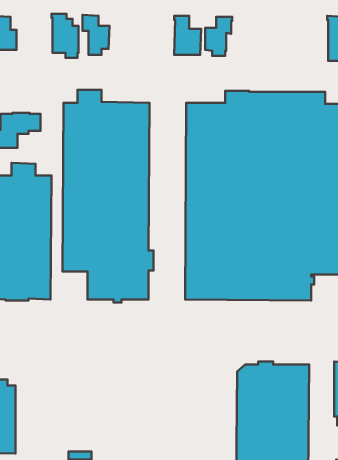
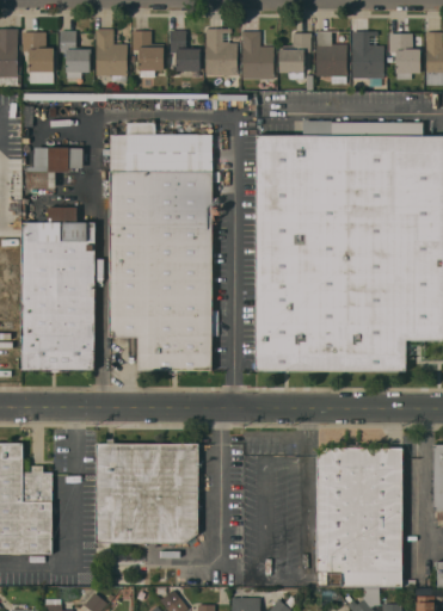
building: none -> [204,29,236,74]
building: none -> [59,30,91,78]
building: none -> [168,30,199,78]
building: none -> [315,31,346,84]
building: none -> [351,31,383,86]
building: none -> [388,33,419,79]
building: none -> [94,439,197,543]

